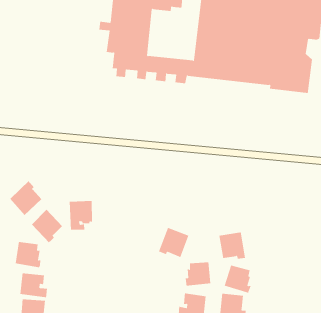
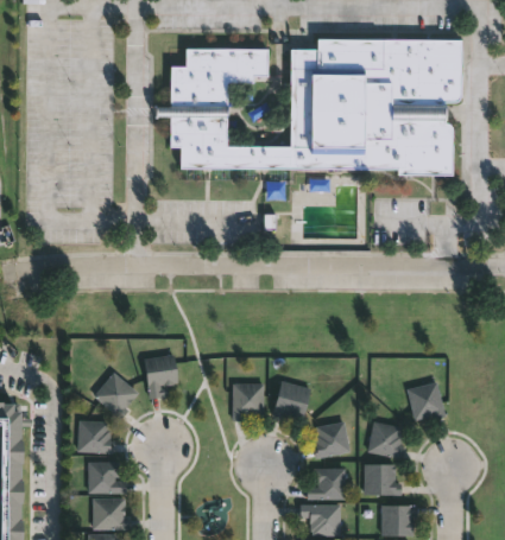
building: [9,180,42,216] -> none
building: none -> [231,383,263,421]
building: [219,232,246,259] -> [405,381,446,420]

